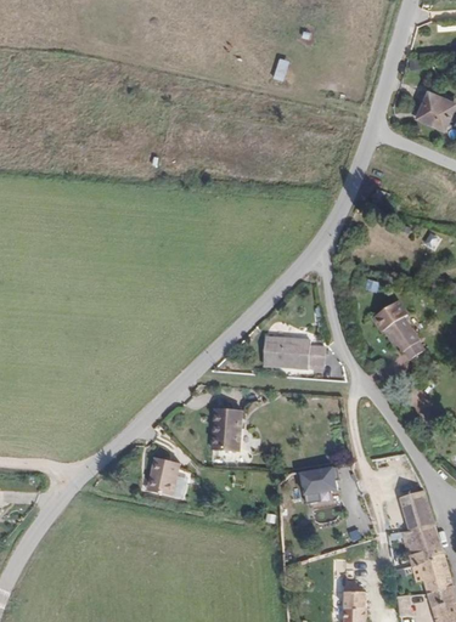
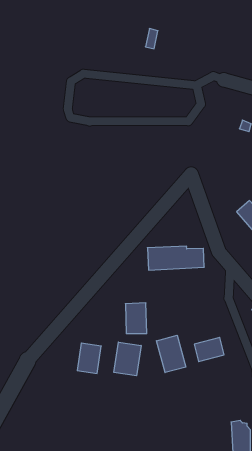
building: none -> [156,335,186,373]
building: none -> [114,342,141,376]

